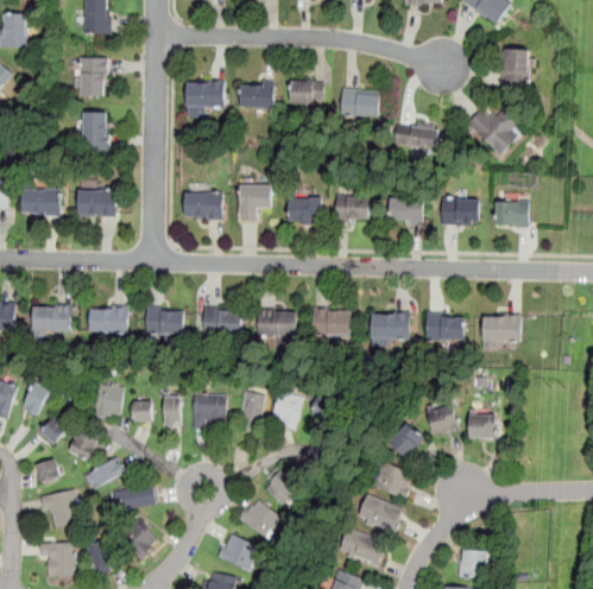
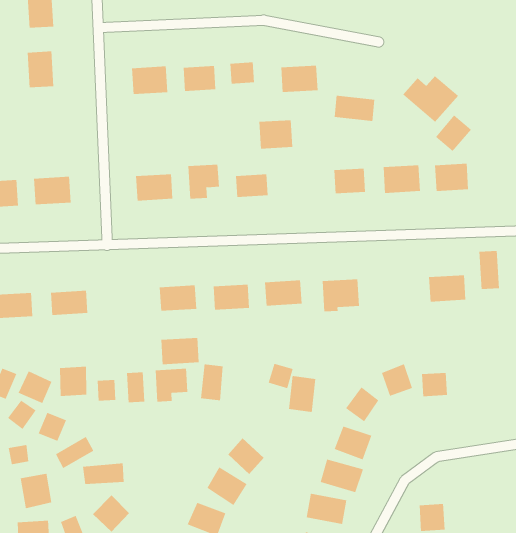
building: [501,49,529,88] -> none
building: [82,112,108,150] -> none
building: none -> [435,115,472,152]
building: [335,196,370,224] -> [258,120,293,149]
building: none -> [479,250,499,290]
building: [145,308,184,334] -> [160,337,200,365]
building: [425,314,465,341] -> none
building: none -> [18,370,52,404]
building: [271,390,302,429] -> [288,376,316,412]

